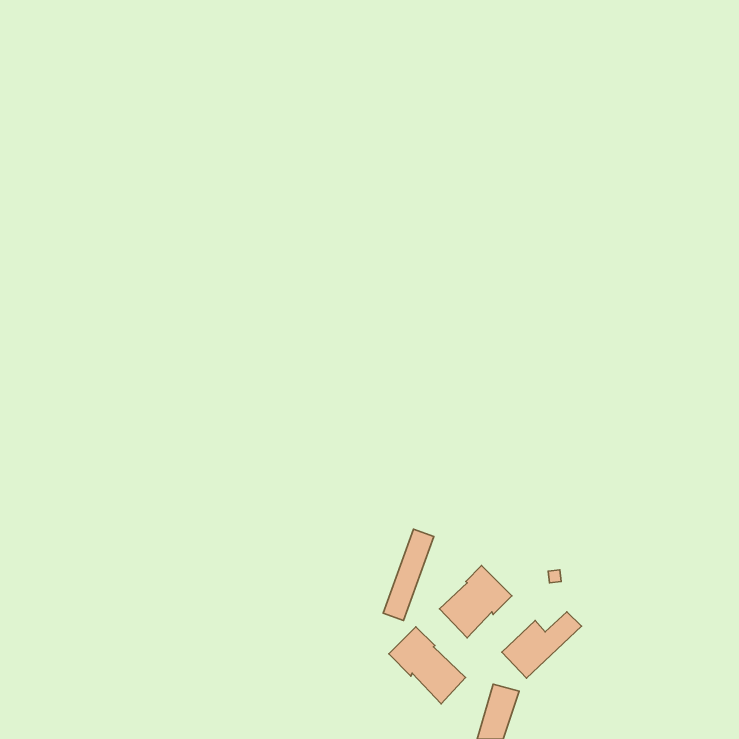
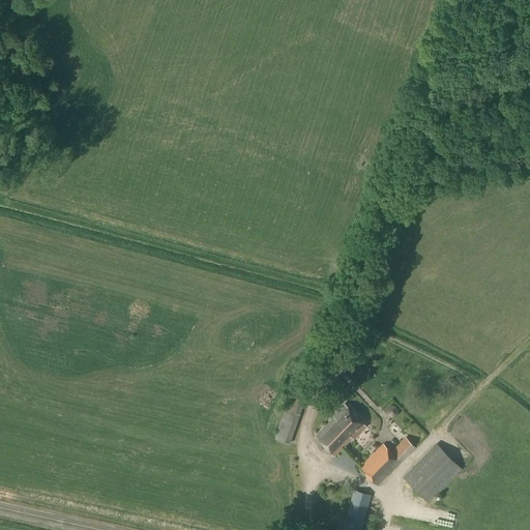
building: none -> [404,444,462,502]
building: [389,627,466,704] -> none

